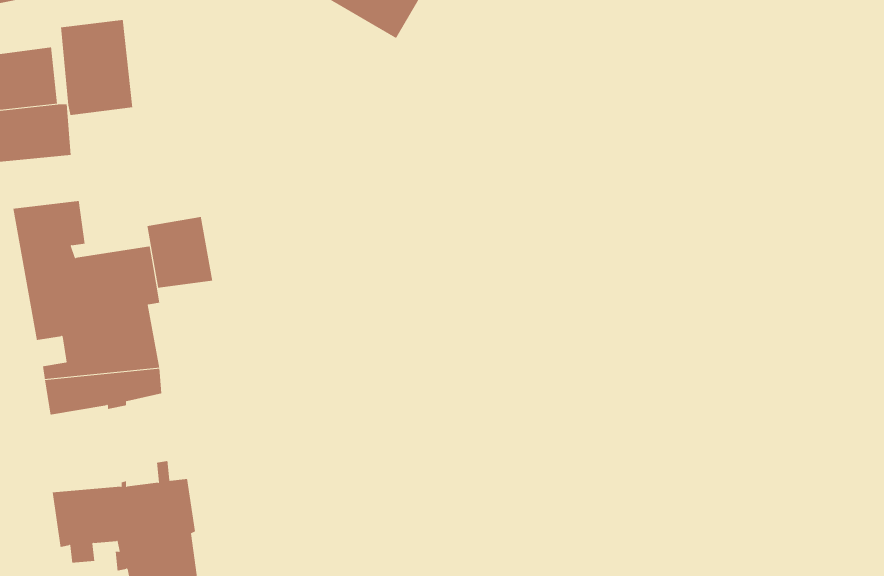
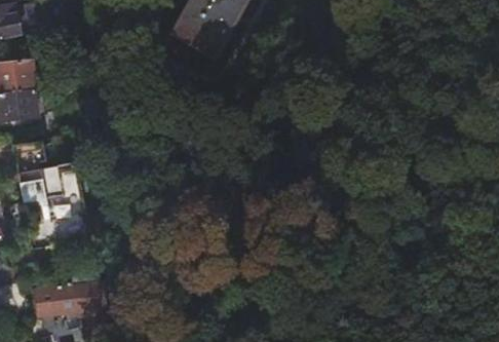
building: [60,19,133,116] -> none
building: [147,216,213,288] -> none

